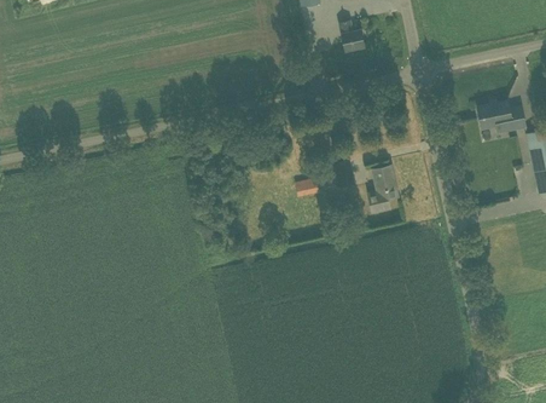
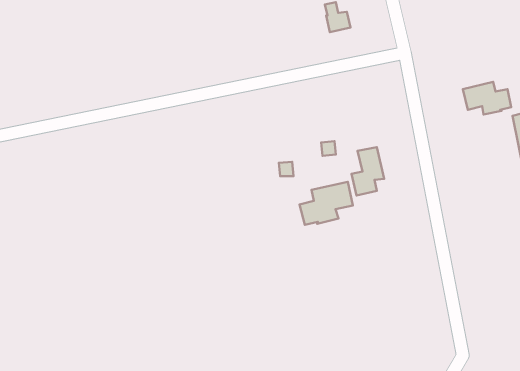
building: none -> [300,182,353,225]

